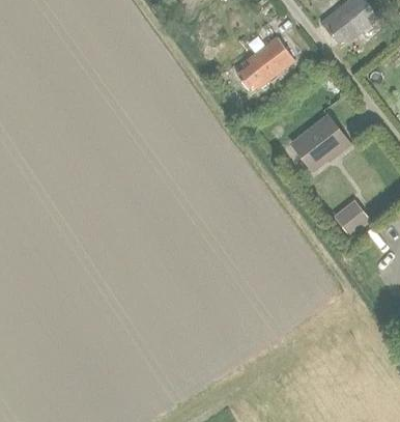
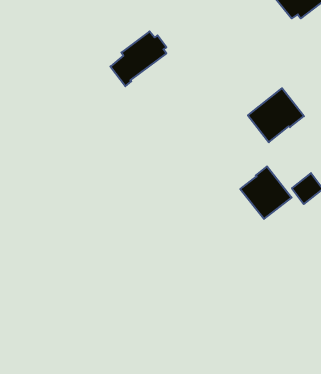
building: [237,37,295,94] -> [110,31,166,86]
building: none -> [240,166,292,219]

